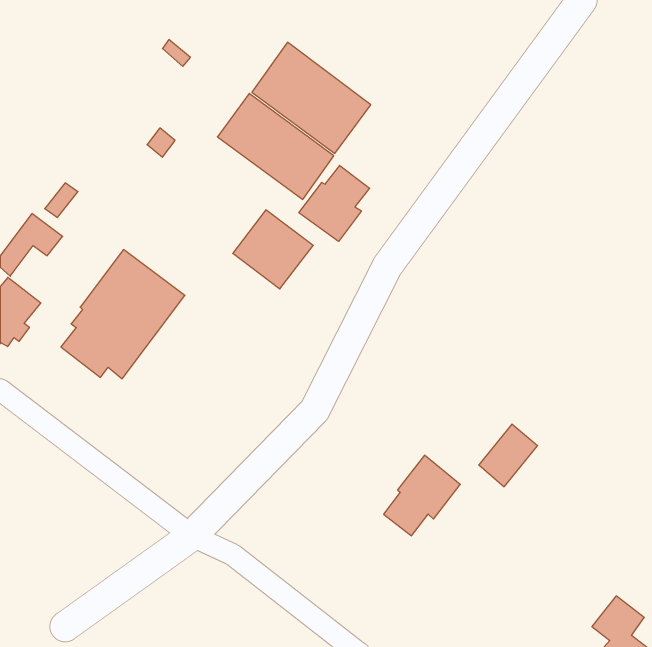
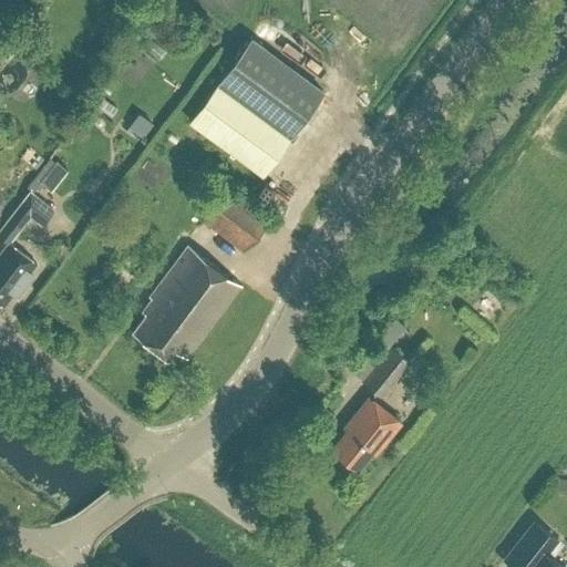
building: [299,165,370,241] -> none
building: [61,250,185,379] -> [134,249,241,361]
building: [479,424,538,487] -> [363,351,414,405]

